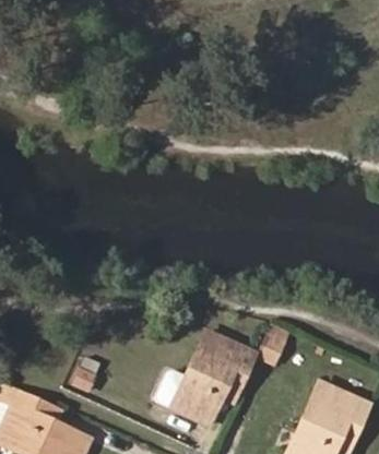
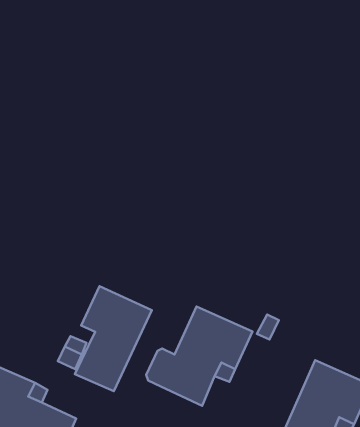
building: none -> [75,286,152,391]

